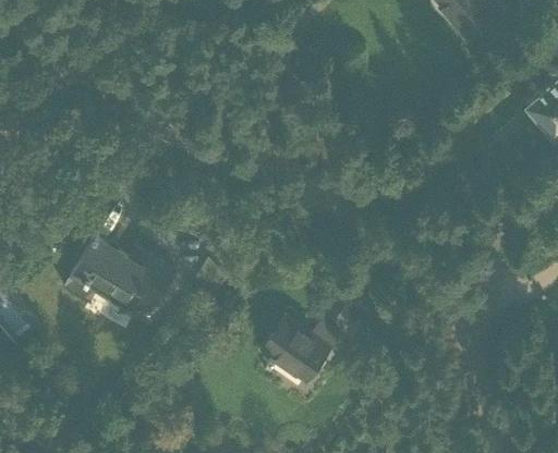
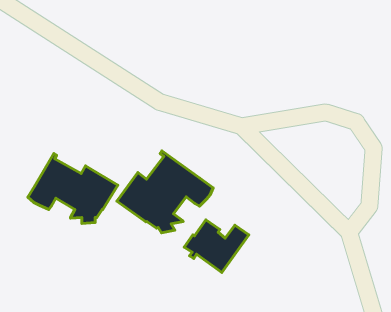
building: none -> [117,151,213,233]

